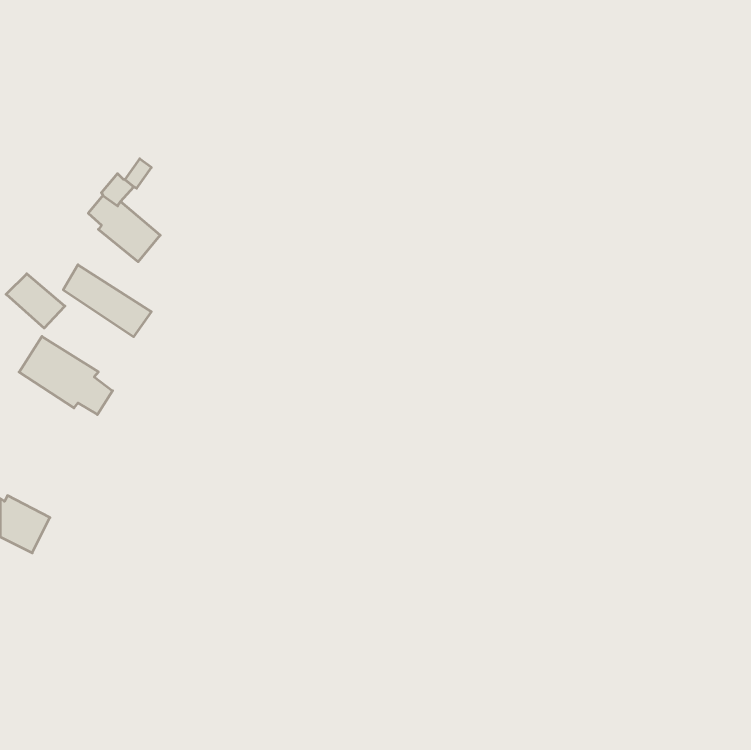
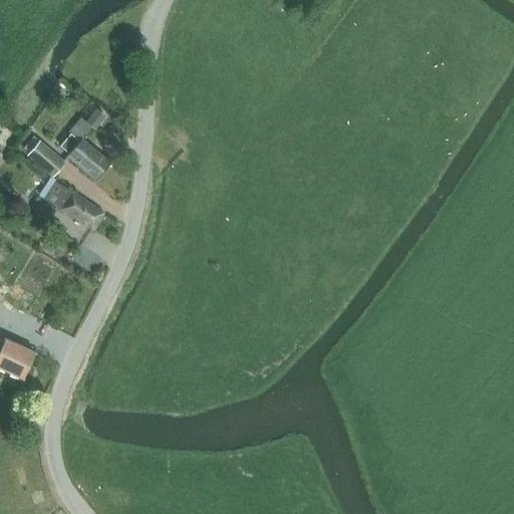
building: [6,274,65,328] -> [26,140,66,177]
building: [19,336,113,415] -> none

